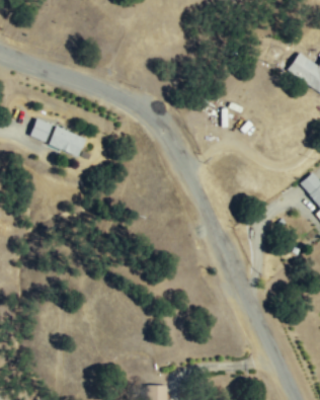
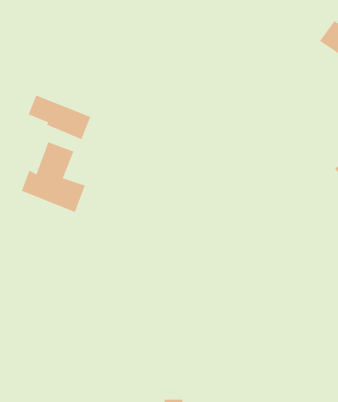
building: none -> [21,142,86,213]

